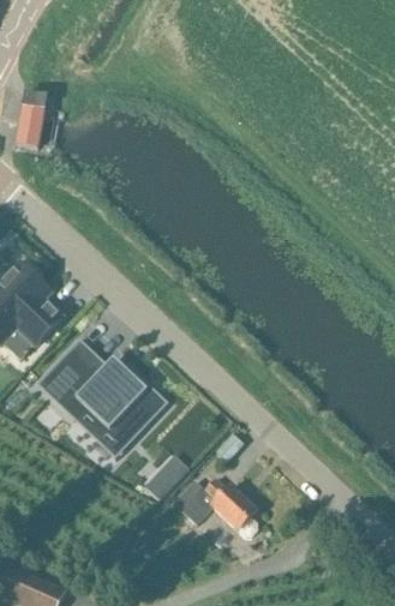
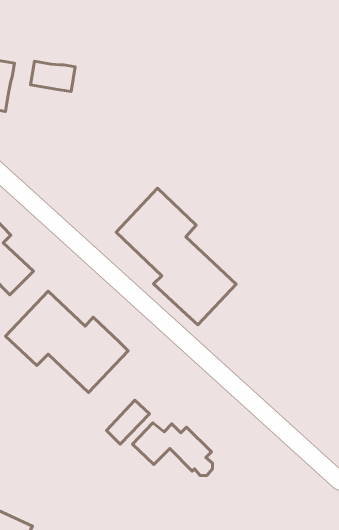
building: none -> [31,61,75,92]
building: none -> [116,188,236,325]

